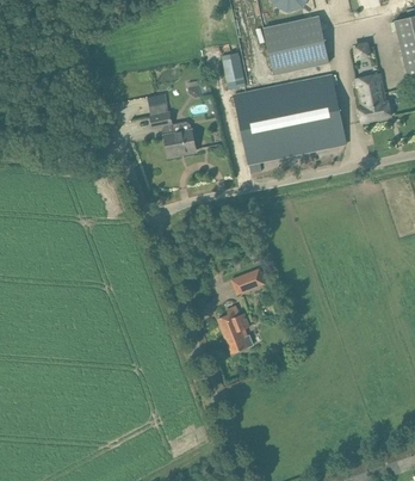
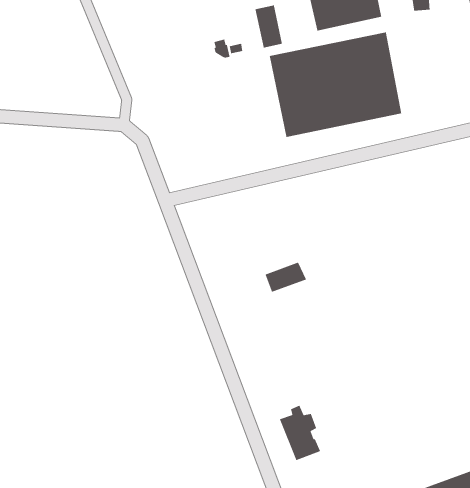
building: [355,73,391,122] -> none
building: [148,93,196,156] -> none
building: [217,306,253,353] -> [279,405,321,461]

